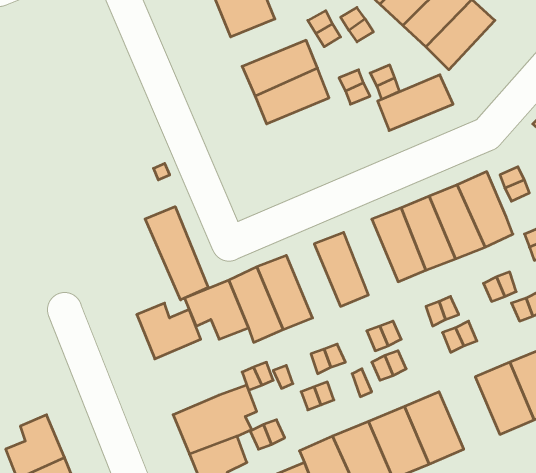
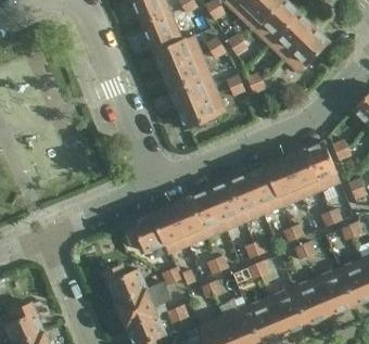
building: none -> [153,35,203,72]
building: [378,75,453,131] -> [177,92,227,129]
building: [145,207,208,300] -> none
building: none -> [228,173,264,222]
building: none -> [190,189,226,238]
building: [137,303,201,359] -> [103,265,145,302]
building: none -> [291,277,331,324]

